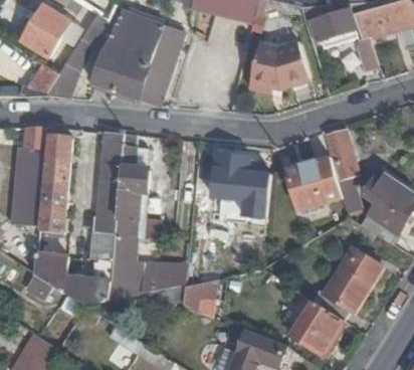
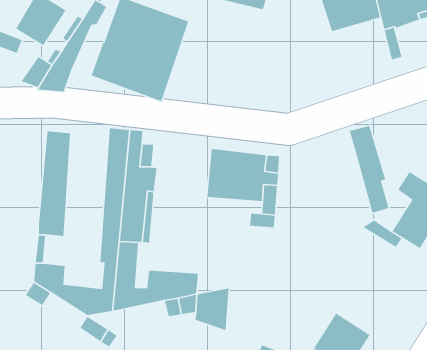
building: [242,44,310,97] -> none
building: [14,125,49,219] -> none
building: [288,154,343,206] -> none
building: [314,247,380,319] -> none

